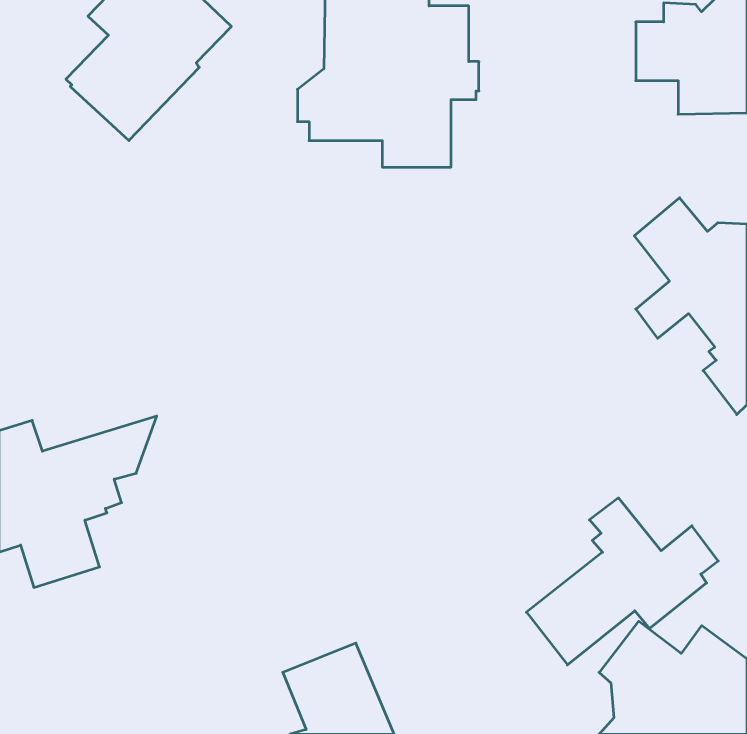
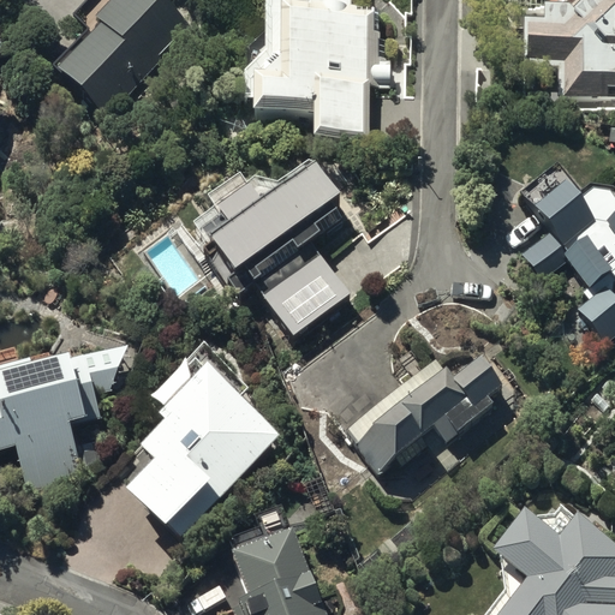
building: none -> [181,154,352,339]
building: none -> [126,342,282,539]
building: [526,498,718,665] -> [345,335,502,472]

